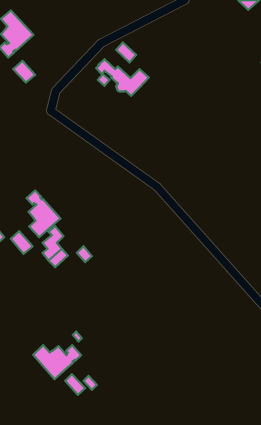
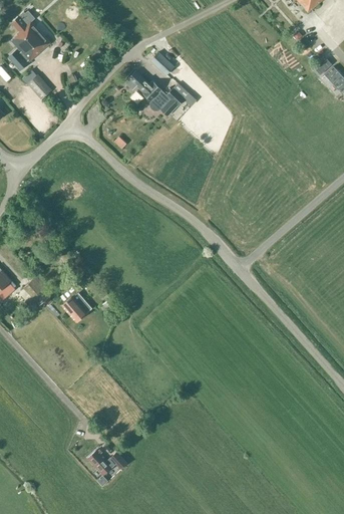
building: [26,190,61,237] -> none
building: [33,345,81,379] -> none

